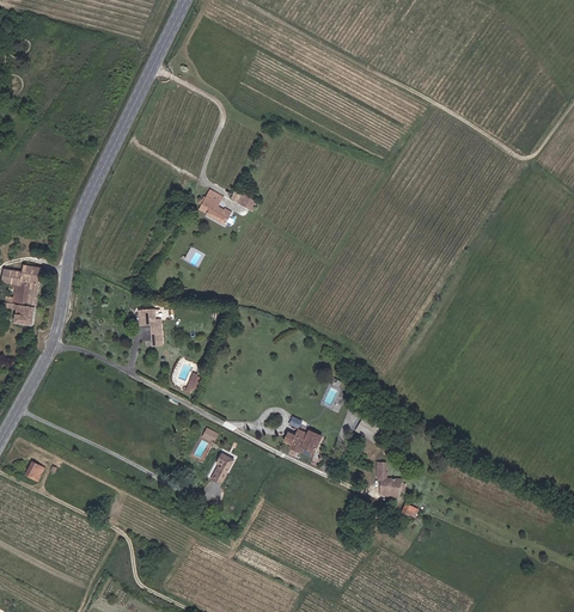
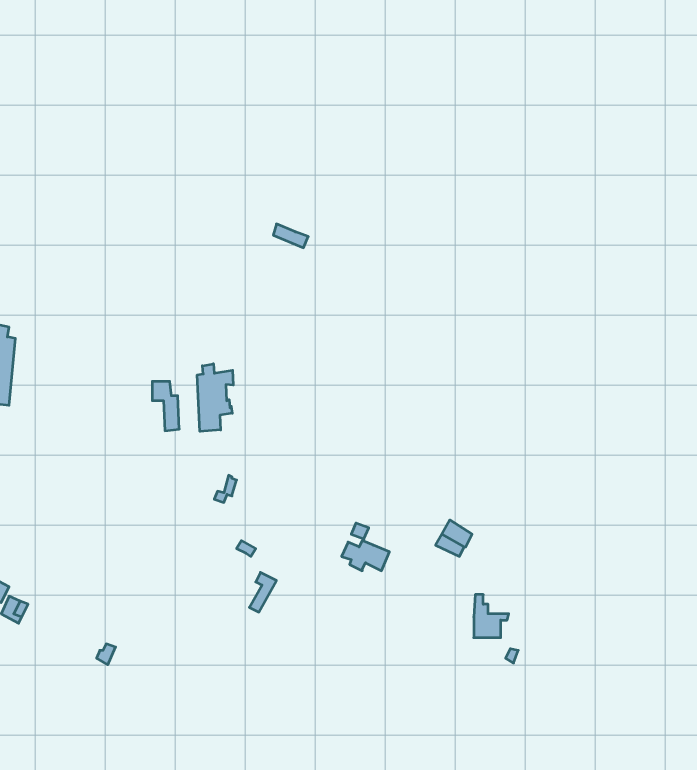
building: [197,186,231,221] -> none
building: none -> [197,364,233,431]

